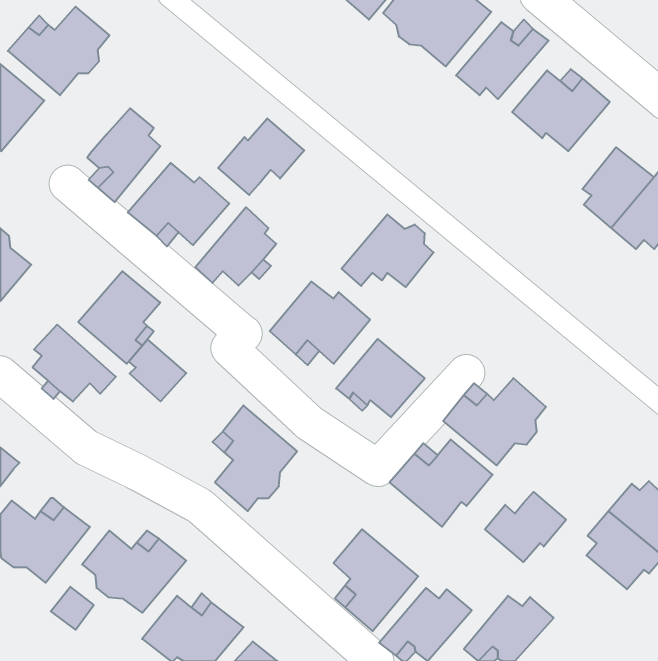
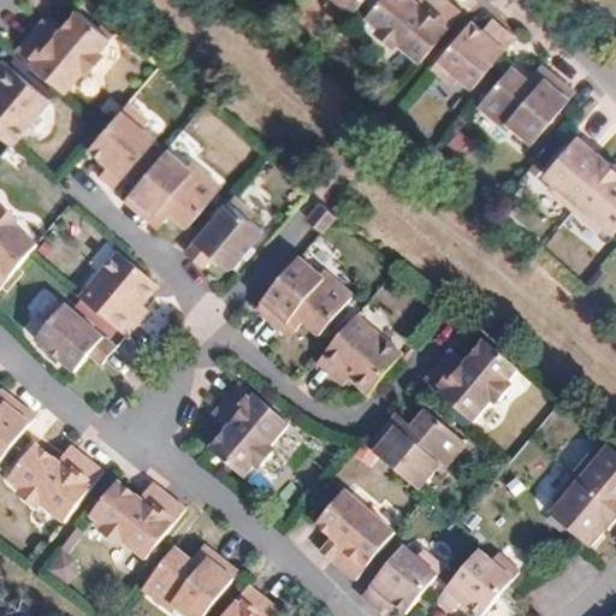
building: [218,118,304,195] -> none
building: [342,214,434,287] -> none
building: [129,340,186,401] -> none
building: [485,492,566,562] -> none

